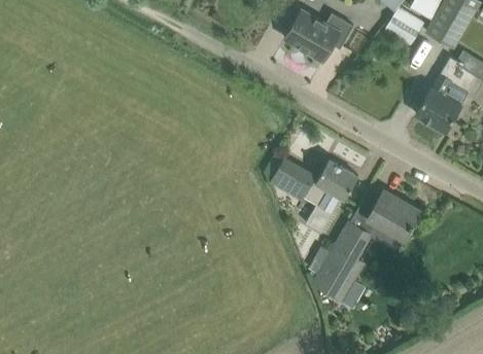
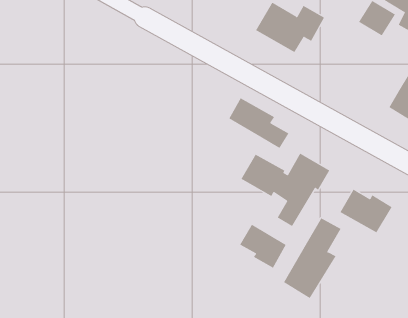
building: none -> [229,98,289,149]
building: none -> [238,224,286,268]

